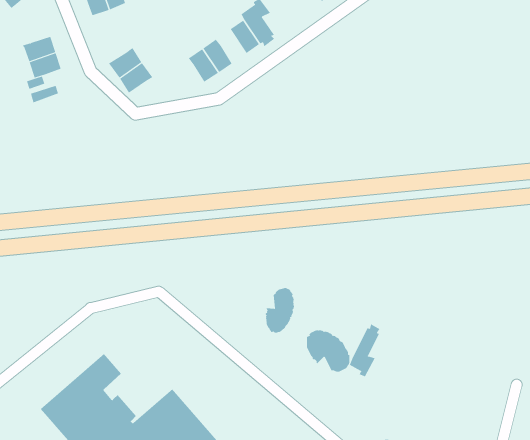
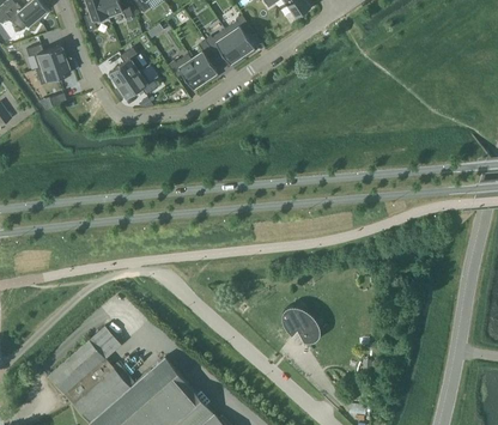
building: [265,287,294,334] -> none
building: [349,323,380,377] -> none

